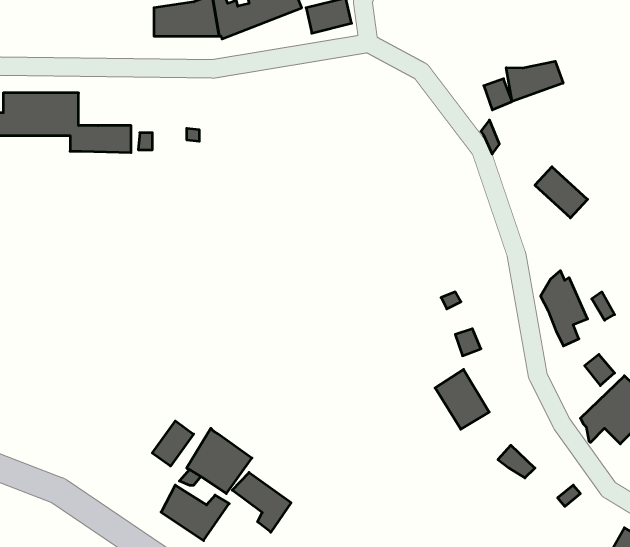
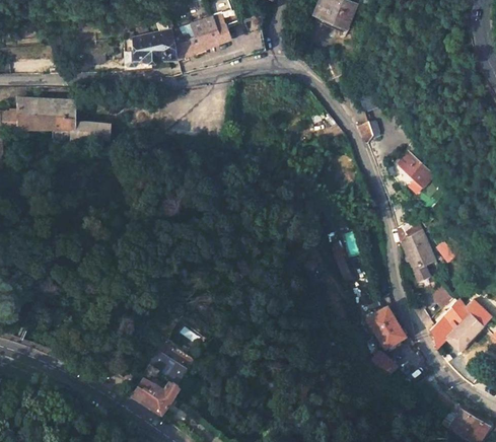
building: [506,61,563,101] -> none
building: [435,369,489,429] -> [367,305,406,348]
building: [152,421,194,466] -> none
building: [232,472,291,532] -> none

